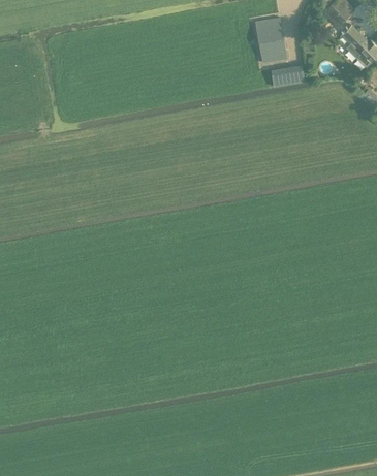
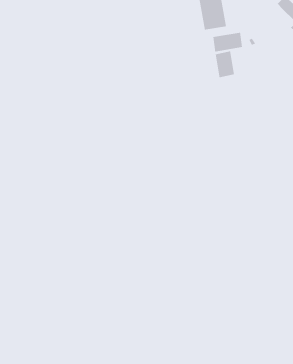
building: none -> [215,51,235,78]

